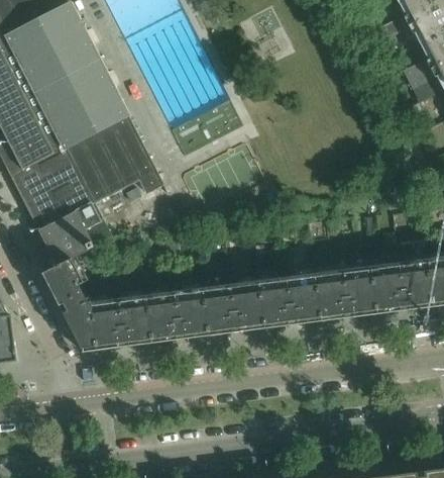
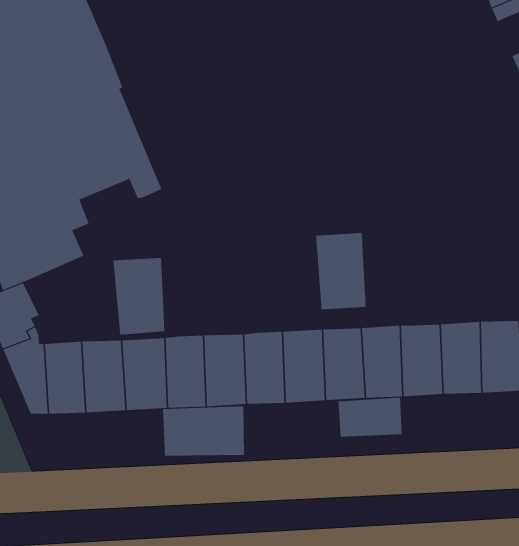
building: none -> [316,232,366,310]
building: none -> [113,257,165,335]
building: none -> [338,397,402,437]
building: none -> [162,405,245,457]

